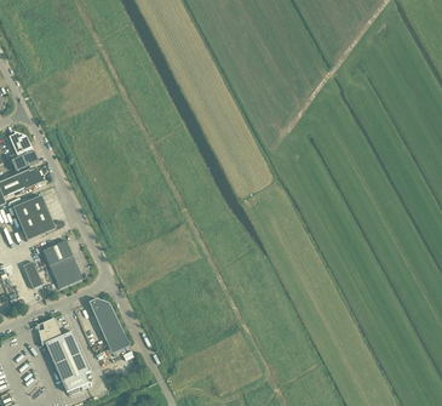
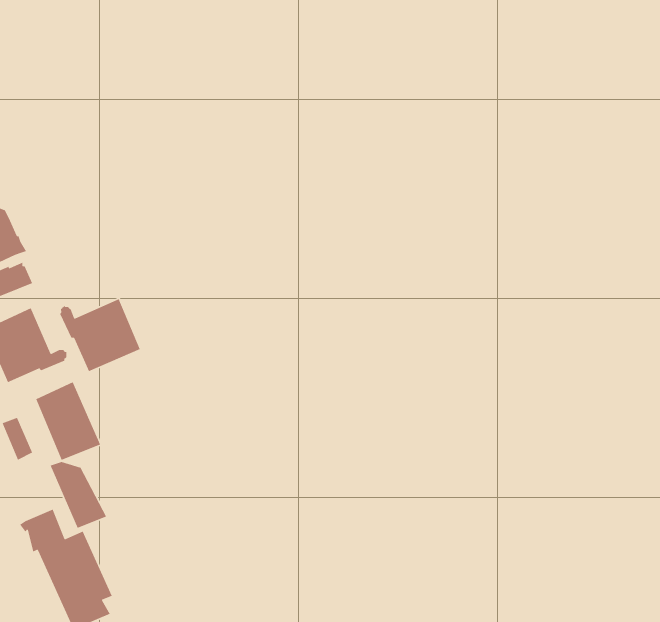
building: none -> [59,298,141,372]
building: [88,298,124,339] -> [49,461,107,529]

